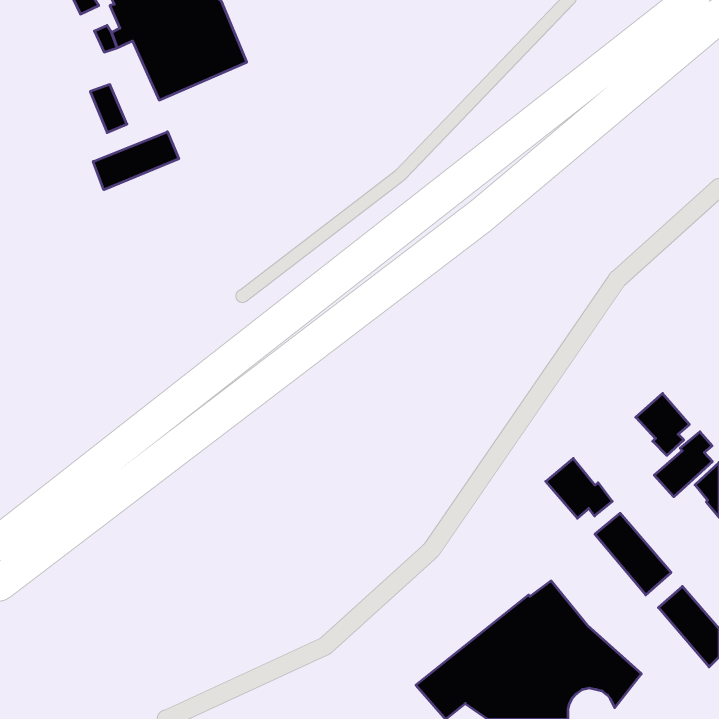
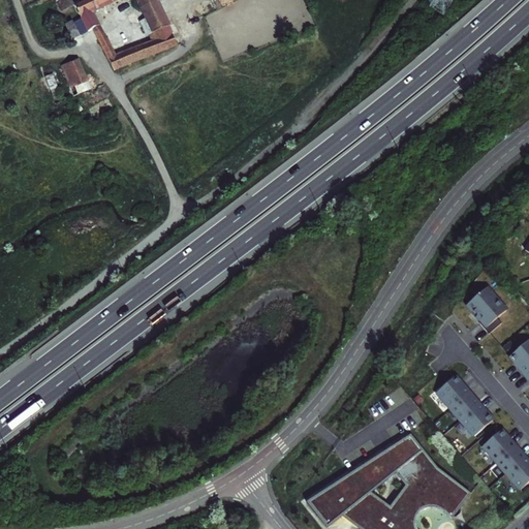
building: [93,132,179,190] -> none
building: [654,432,712,497] -> none
building: [546,458,612,518] -> none

